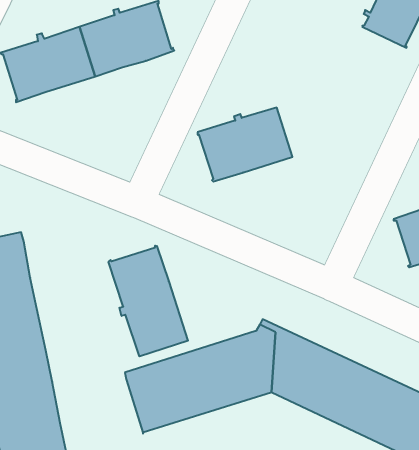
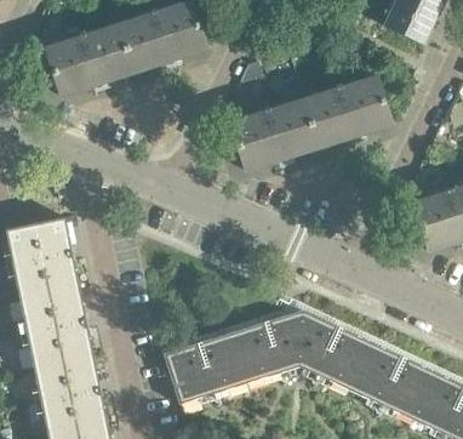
building: none -> [302,78,390,147]
building: [109,246,188,356] -> none

